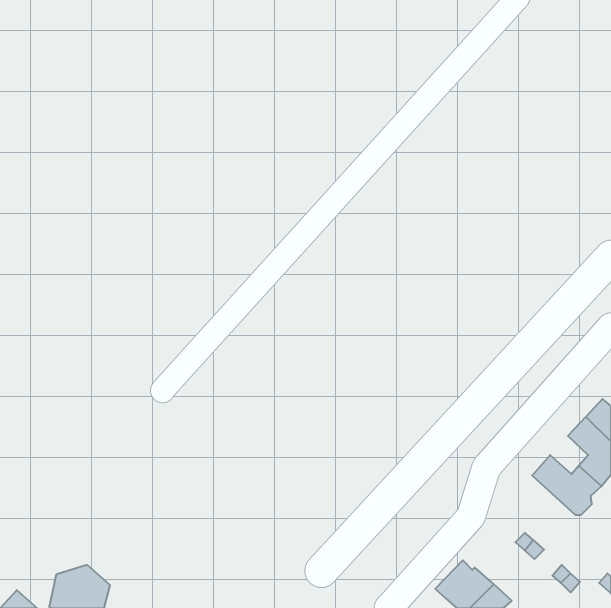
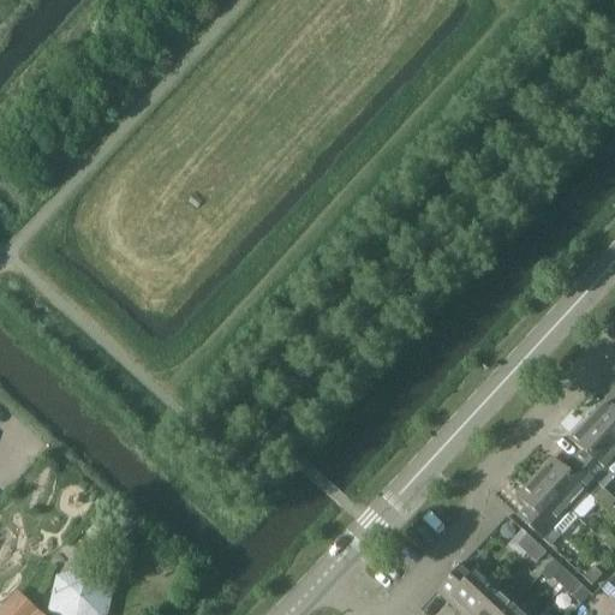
building: none -> [518,478,578,547]

